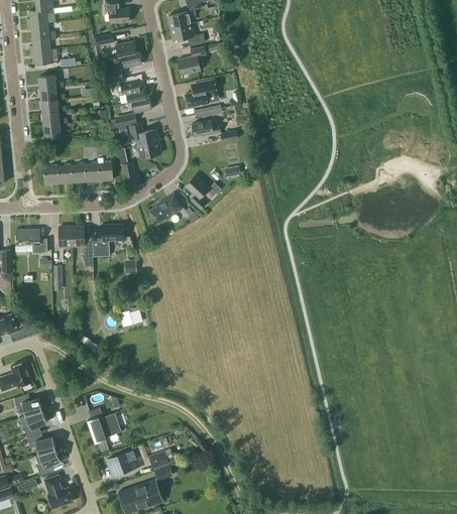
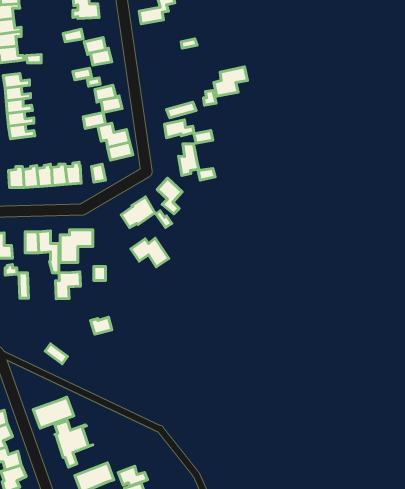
building: [169,24,212,45] -> none
building: [177,46,206,75] -> none
building: [185,80,217,108] -> [214,67,248,96]
building: none -> [178,144,199,175]
building: none -> [131,238,169,267]
building: none -> [55,272,81,299]
building: none -> [33,397,74,428]

